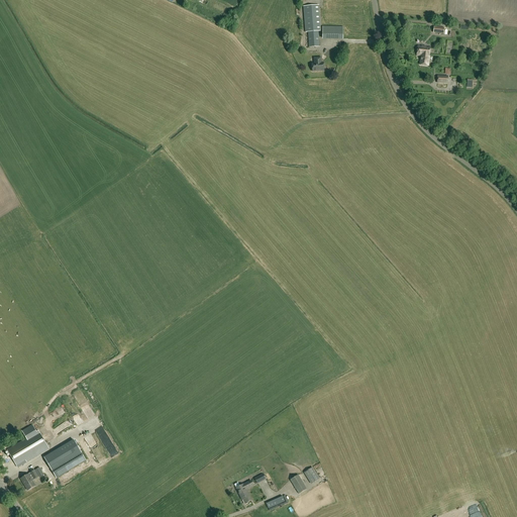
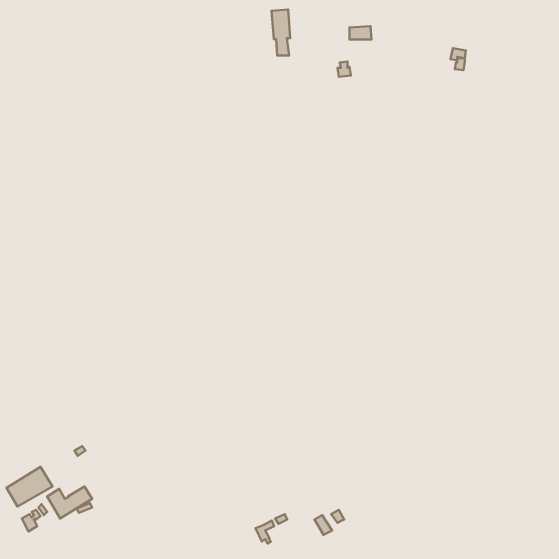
building: [303,4,320,46] -> [272,10,290,56]

